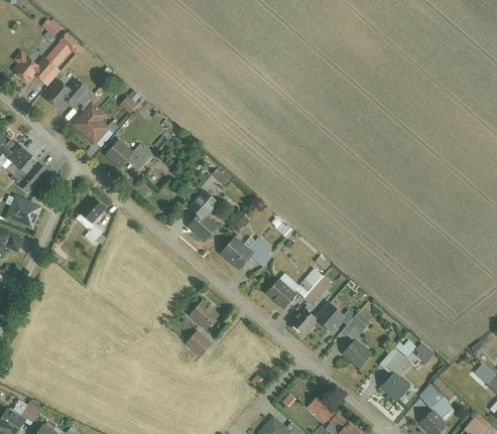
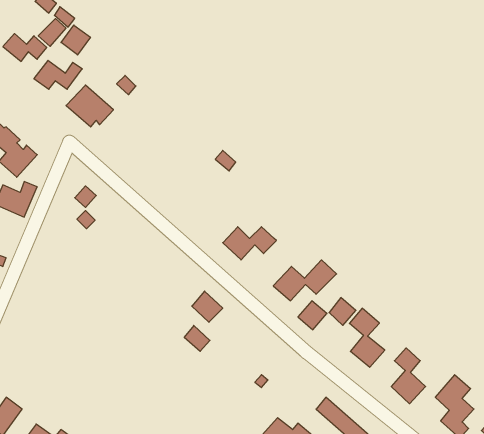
building: none -> [61,25,90,55]
building: [108,142,148,170] -> none
building: [189,190,218,241] -> none

